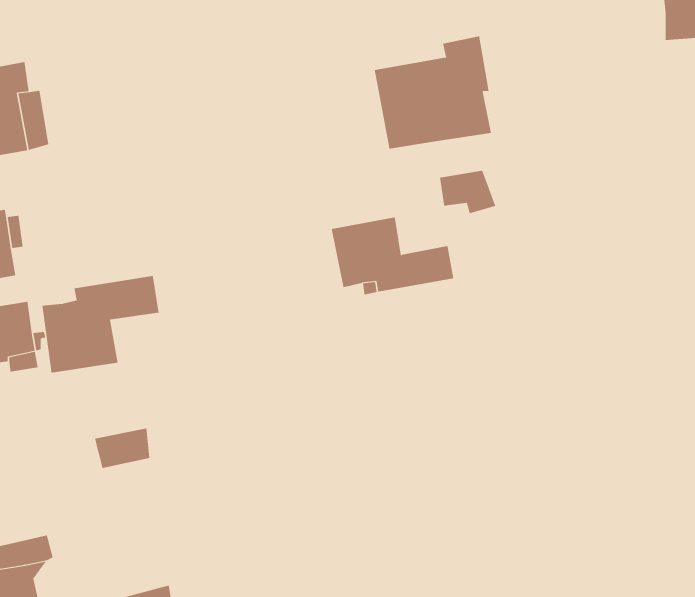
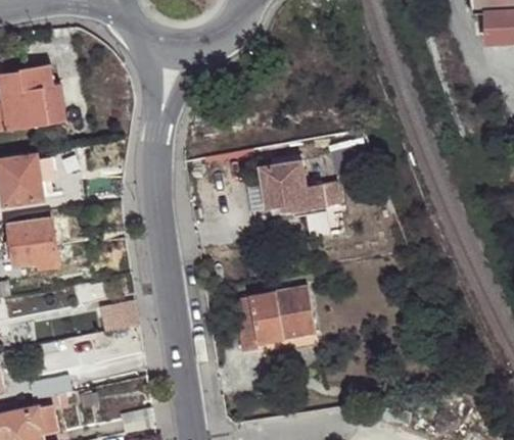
building: [374,36,491,150] -> none
building: [42,275,159,373] -> none
building: none -> [234,288,315,351]

